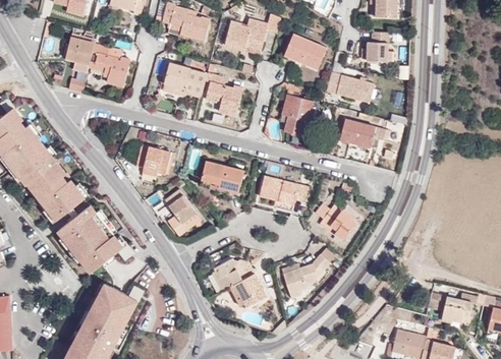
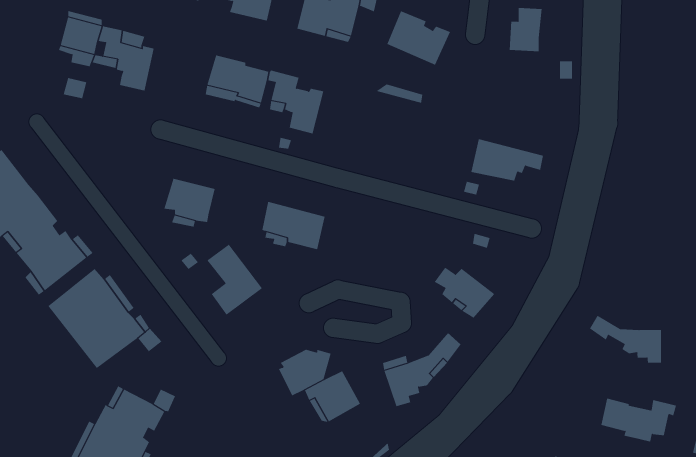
building: [327,72,375,102] -> none
building: [281,95,314,138] -> none
building: [259,176,309,205] -> none
building: none -> [589,315,662,364]

